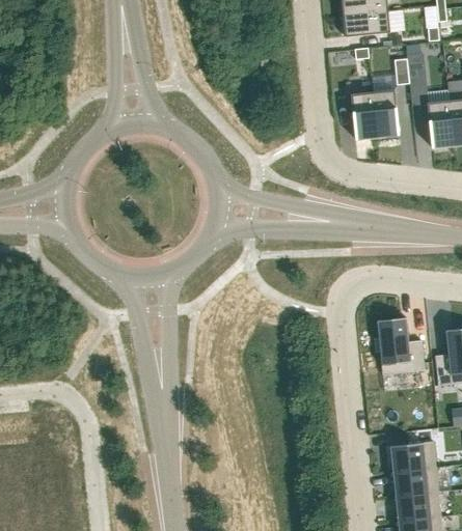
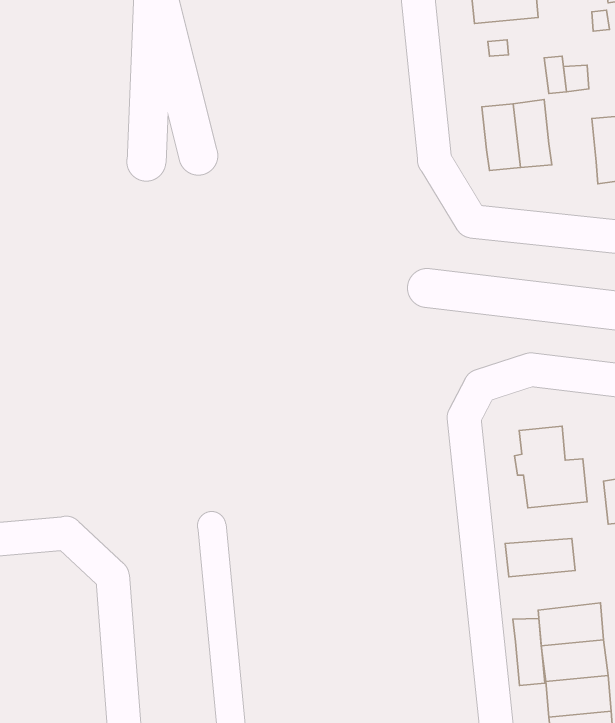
building: none -> [505,538,575,577]
building: none -> [513,618,545,686]

